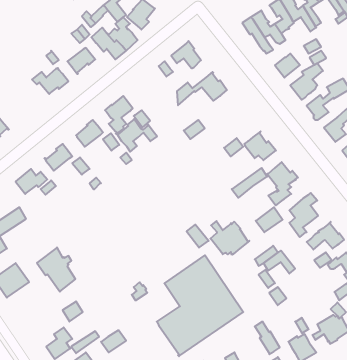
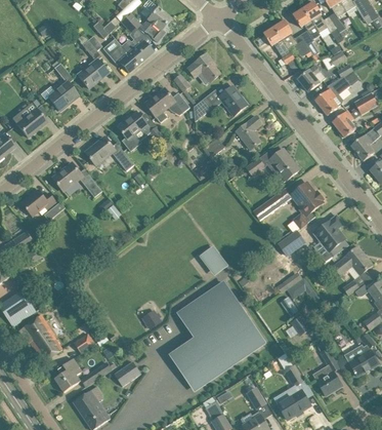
building: none -> [11,108,46,136]
building: none -> [236,115,261,149]
building: [116,119,157,152] -> [144,87,188,122]
building: [210,221,249,255] -> none
building: [37,247,75,292] -> [18,313,59,360]

